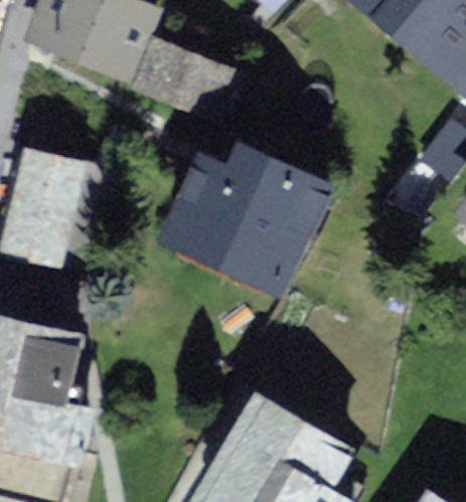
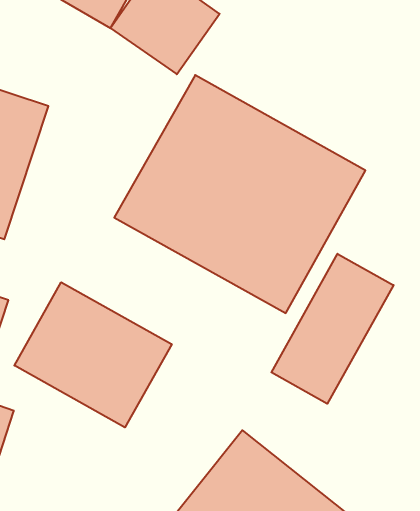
building: none -> [271,254,394,404]
building: none -> [14,282,172,427]

